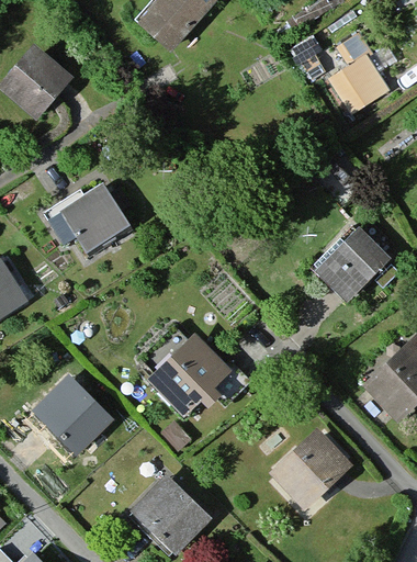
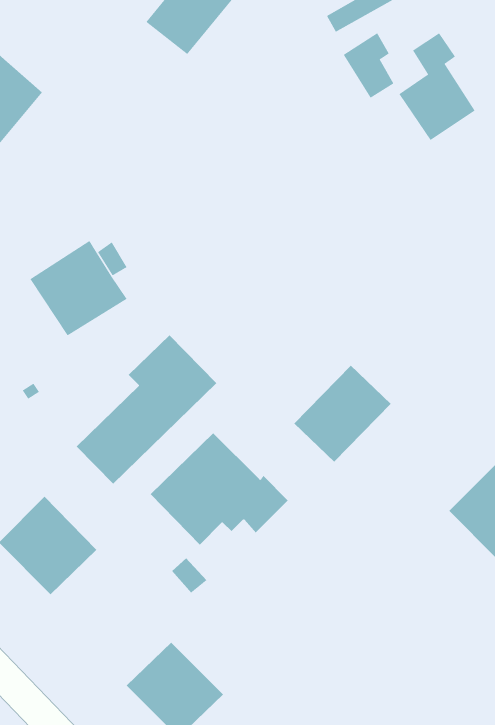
building: [316,228,387,300] -> [293,365,391,463]
building: none -> [76,334,217,485]
building: [273,426,349,501] -> none

